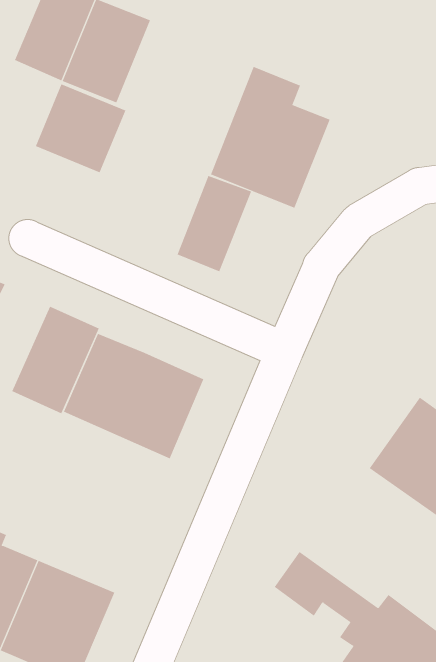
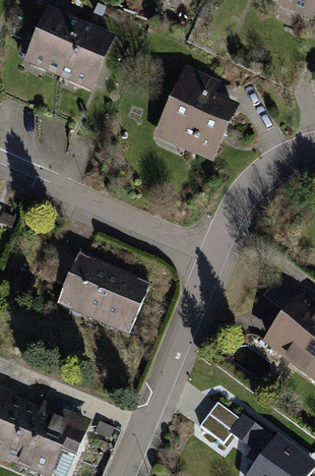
building: [35,84,126,173] -> none
building: [177,175,252,272] -> none
building: [12,306,100,414] -> none

